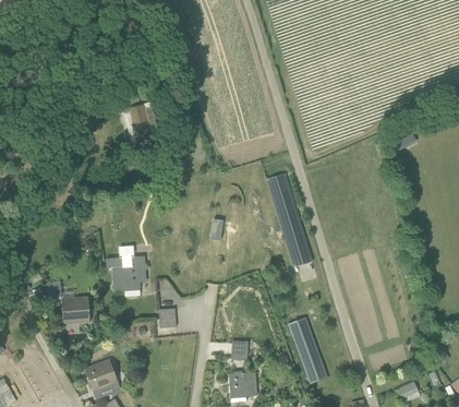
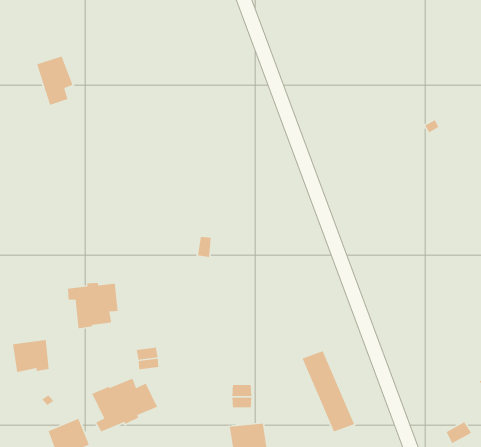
building: [129,104,157,143] -> [36,55,73,106]
building: [266,173,312,267] -> none
building: none -> [91,377,158,433]

